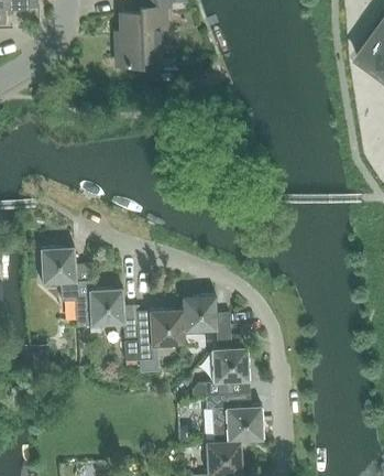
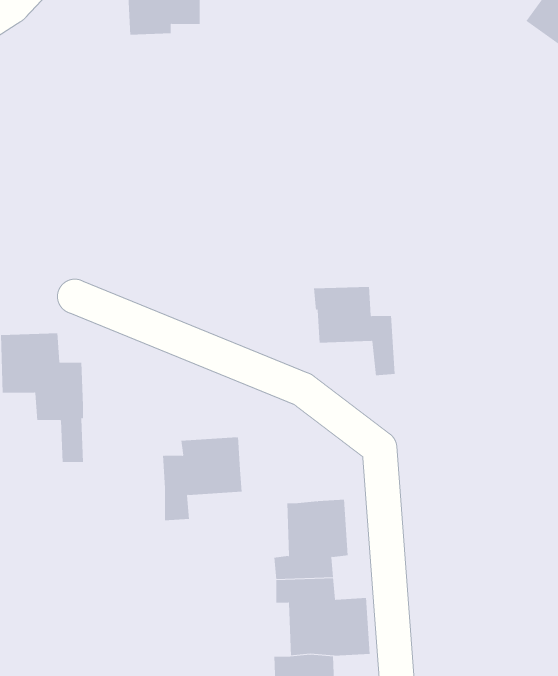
building: [89,291,139,358] -> none
building: [182,298,231,351] -> [313,286,395,376]

